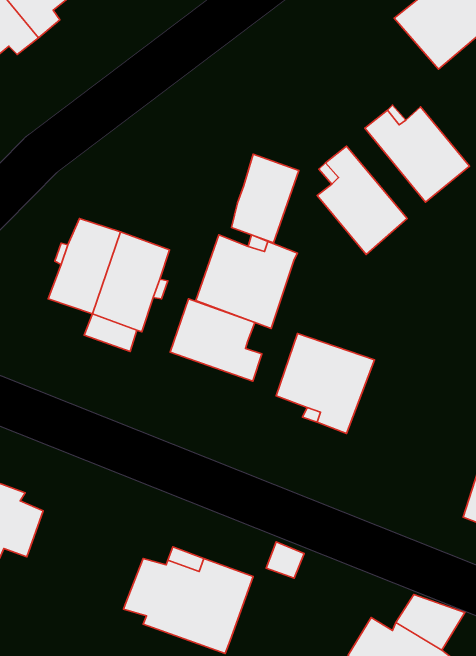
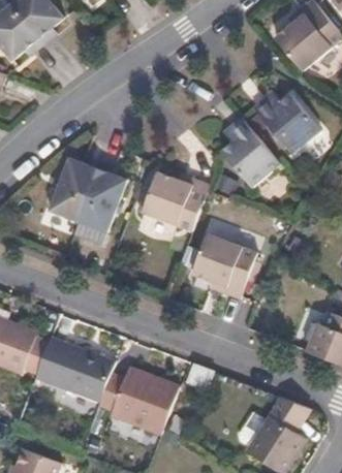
building: [232,154,299,243] -> none
building: [170,299,262,381] -> none
building: none -> [34,339,115,404]

